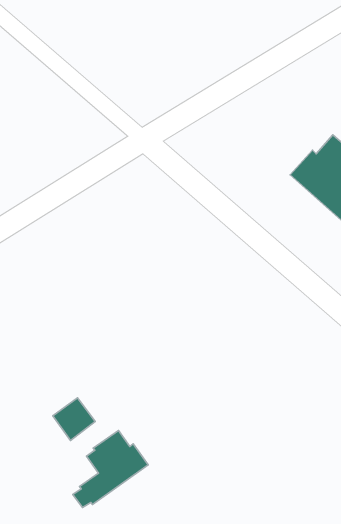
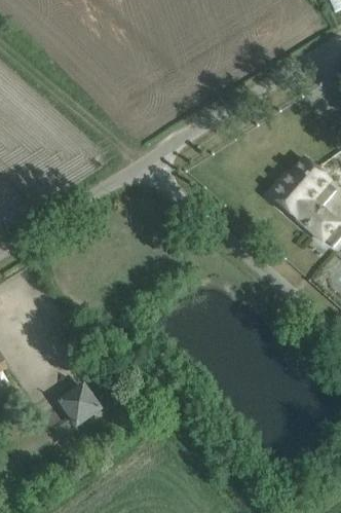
building: [73,430,148,508] -> none

